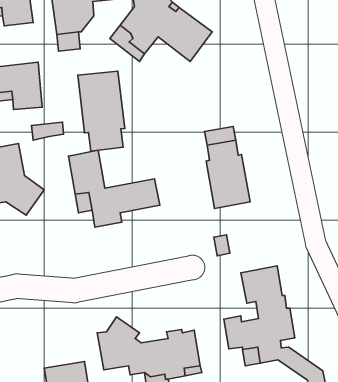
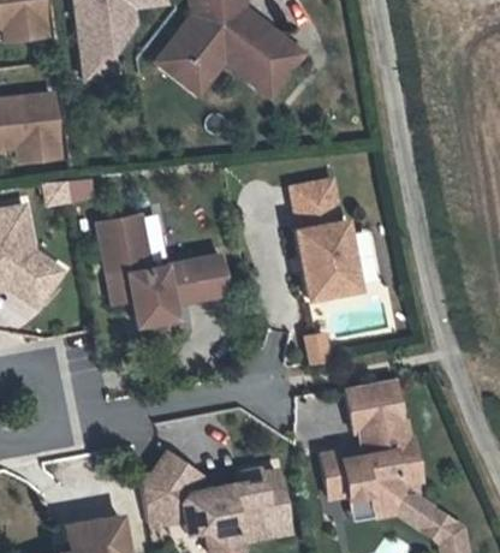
building: [78,71,125,151] -> none

